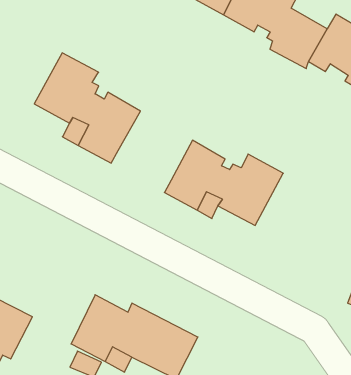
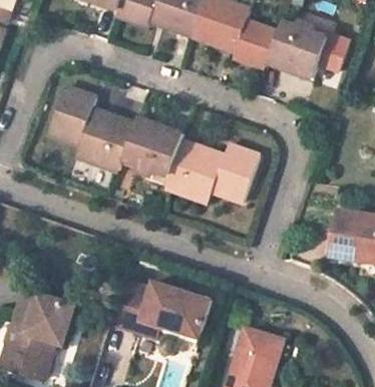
building: none -> [121,116,183,176]

